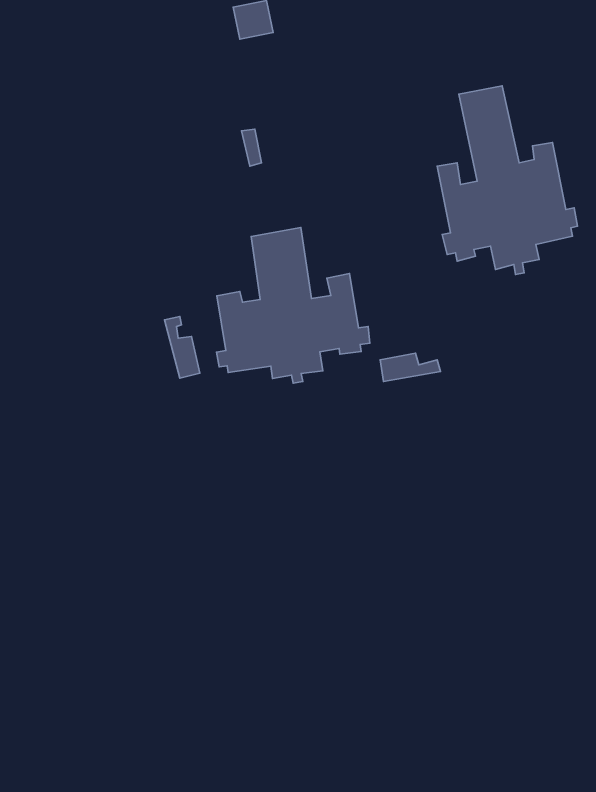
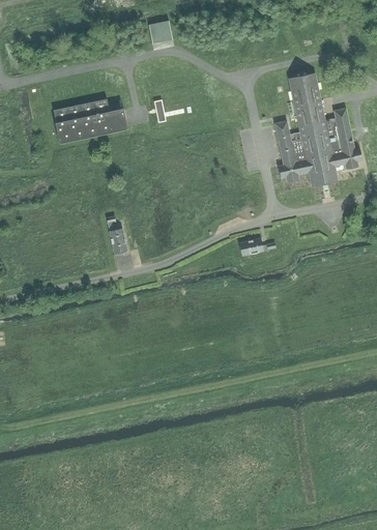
building: none -> [52,99,126,143]
building: [216,228,370,383] -> none

